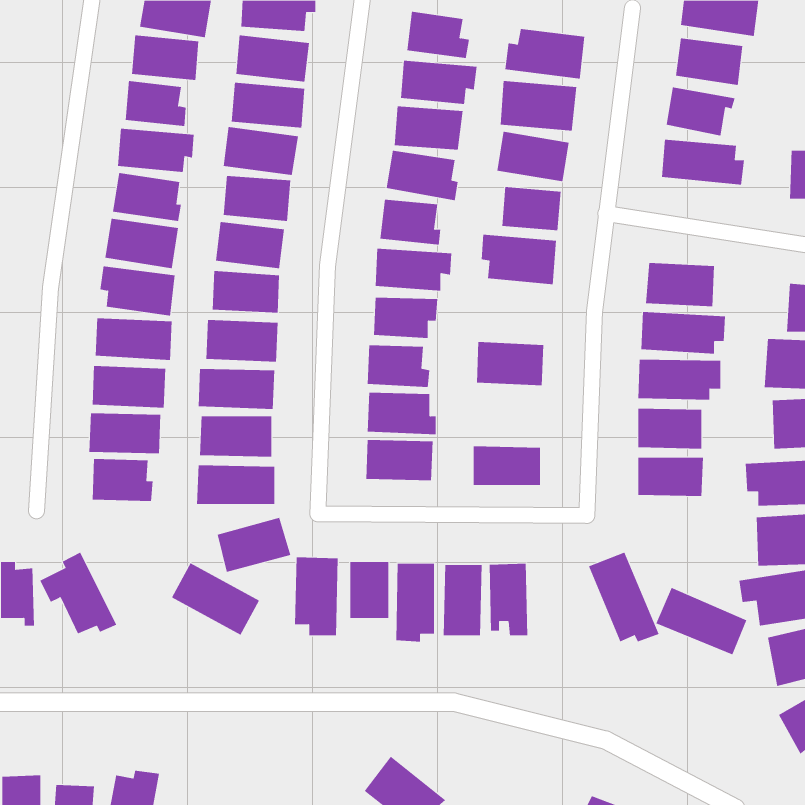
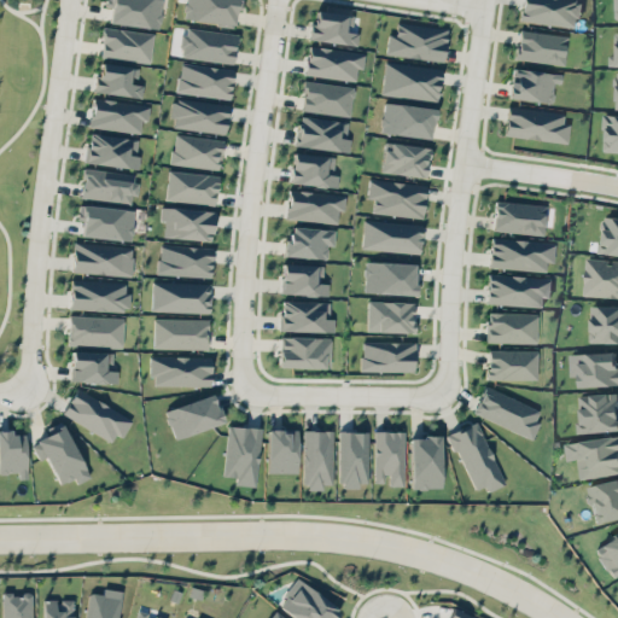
building: none -> [363,221,424,256]
building: none -> [368,303,416,334]
building: [171,563,260,635] -> [64,390,132,445]
building: none -> [412,438,443,490]
building: [655,587,747,655] -> [474,387,544,439]

